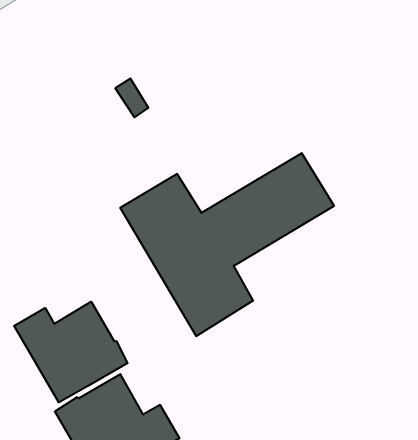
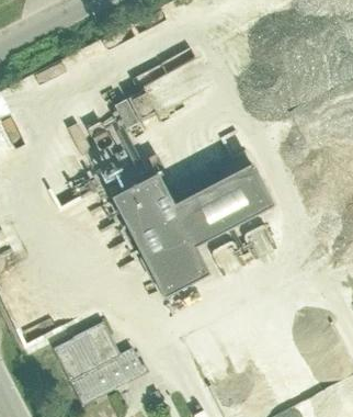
building: [14,302,128,402] -> none

